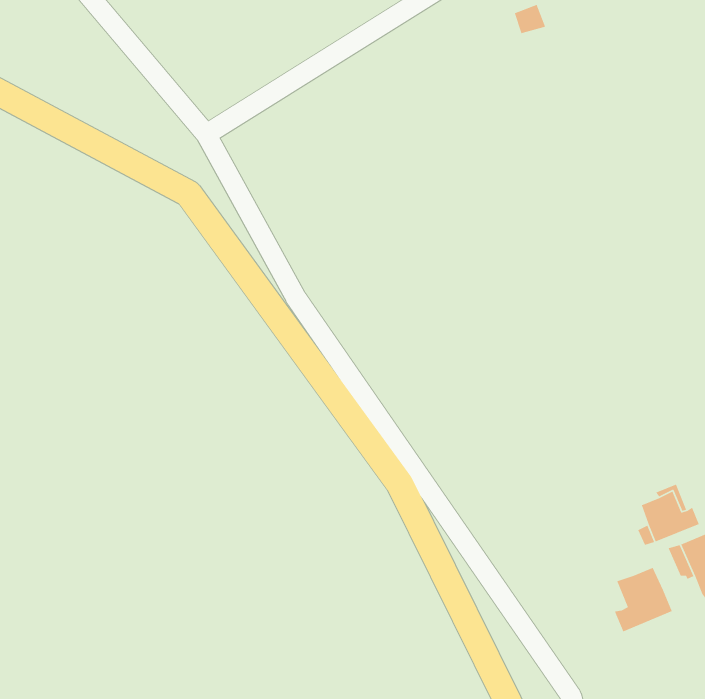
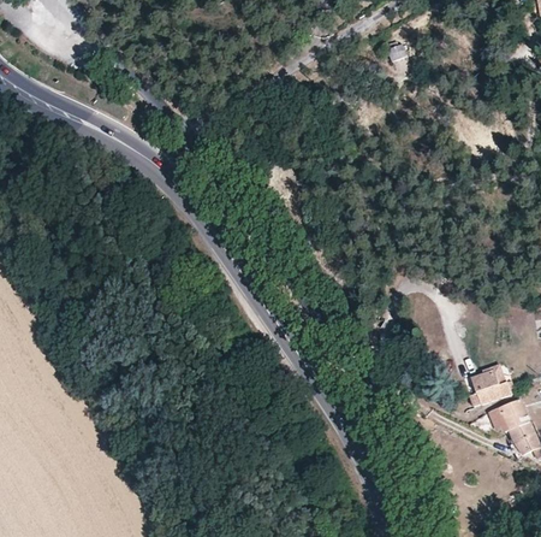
building: [614,567,673,633] -> none

